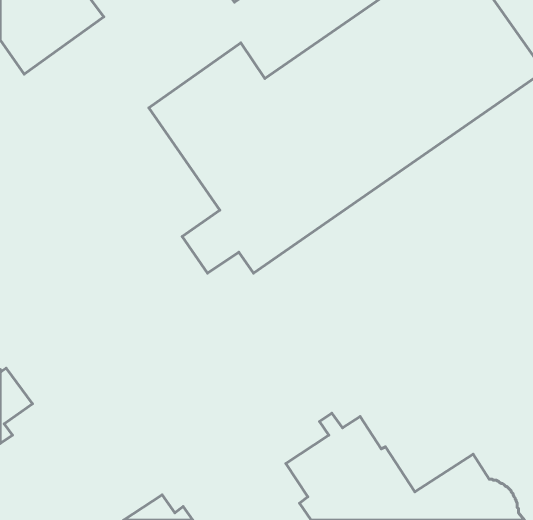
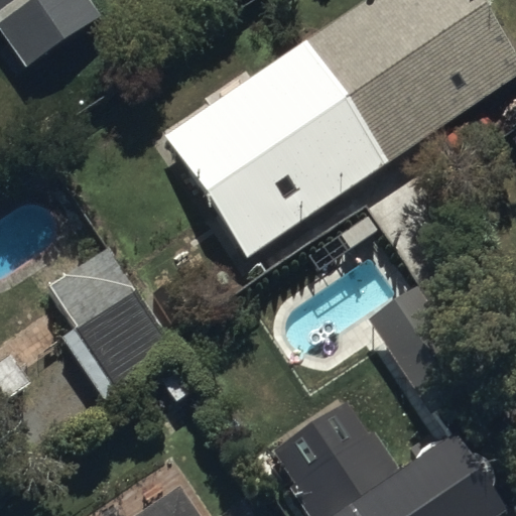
building: none -> [46,248,171,399]

